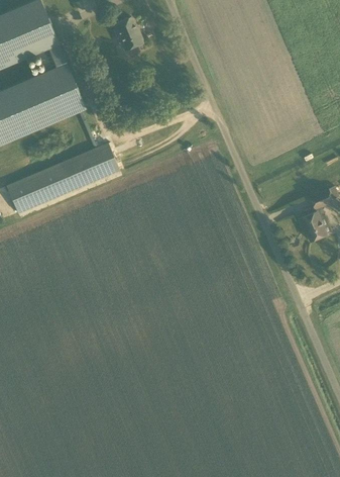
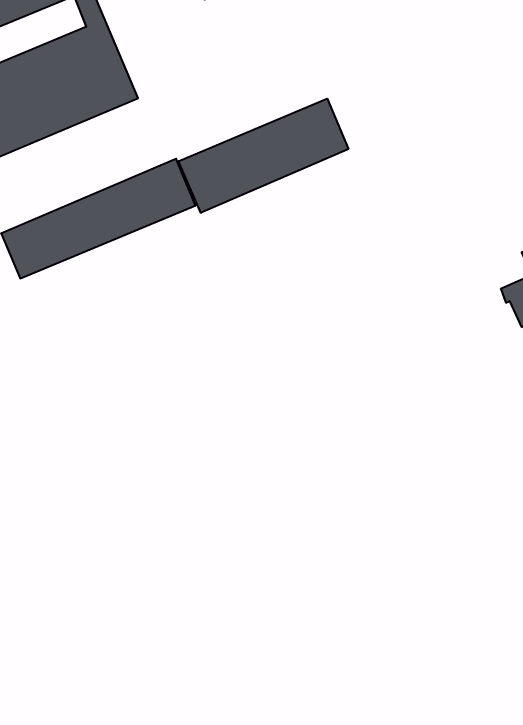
building: none -> [178,99,348,213]

